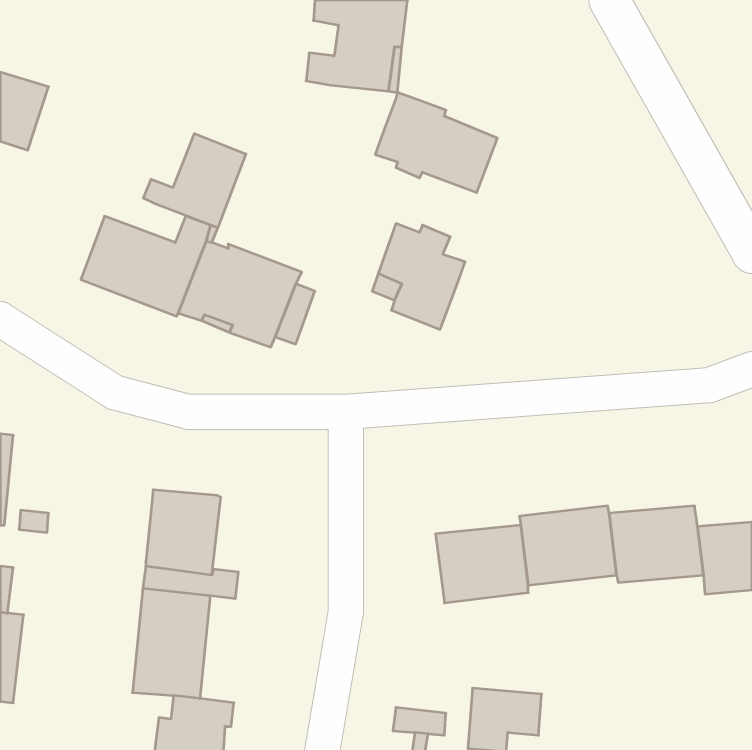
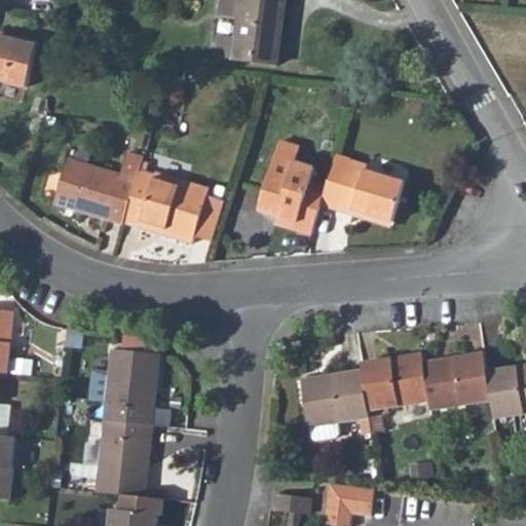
building: [375,93,497,193] -> [320,155,405,225]
building: [143,134,246,228] -> none

